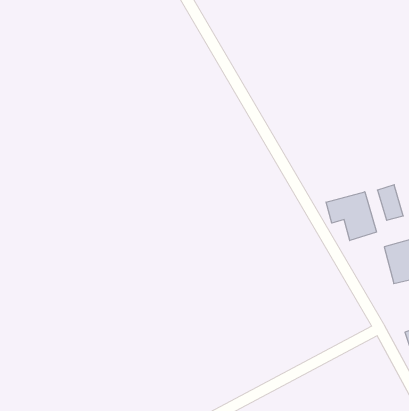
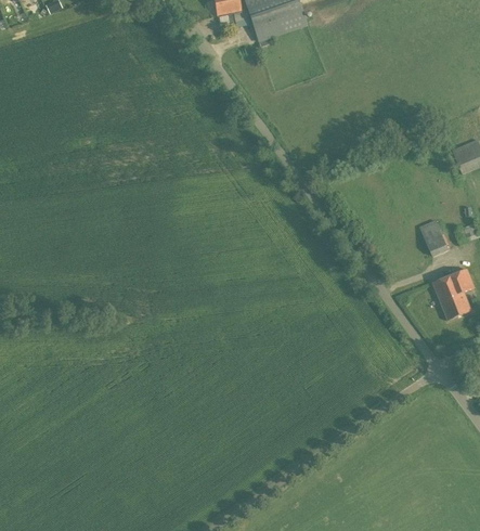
building: [326,192,376,241] -> none

